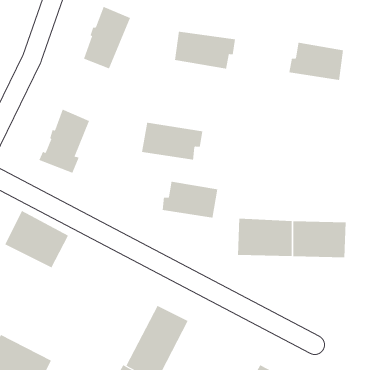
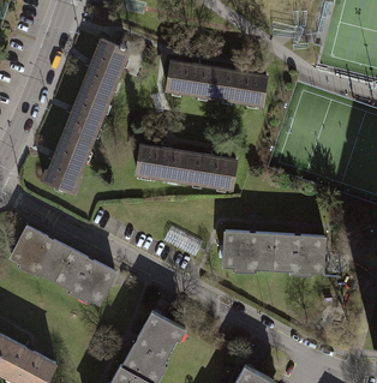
building: [289,42,344,80] -> [215,70,265,104]
building: none -> [65,88,108,144]
building: [162,181,218,218] -> [185,154,237,187]
building: none -> [55,249,116,303]

